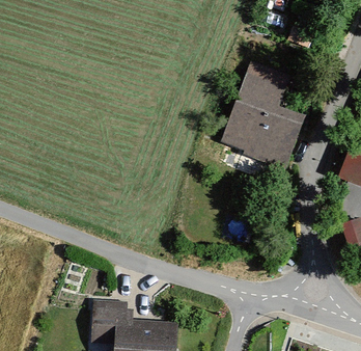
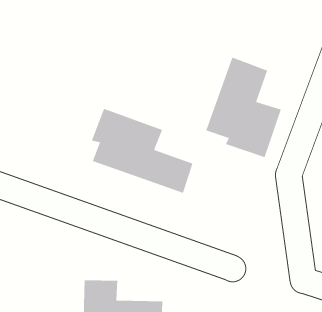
building: none -> [91,108,194,194]

